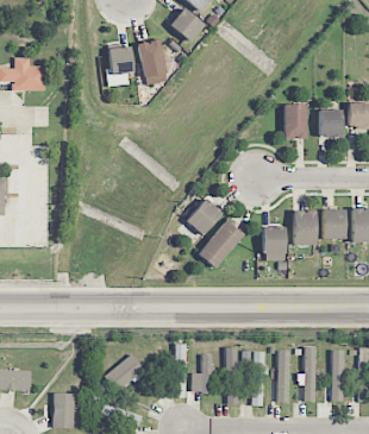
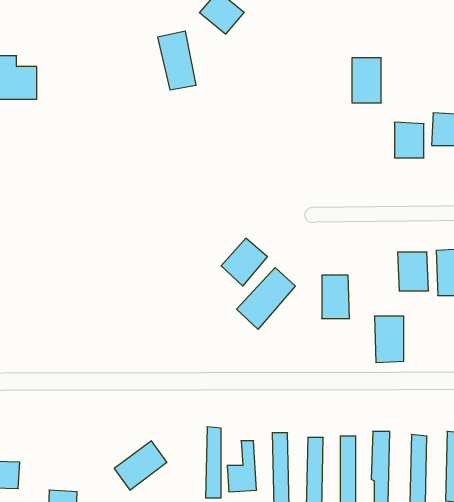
building: [106,46,132,87] -> none
building: [283,105,306,139] -> [352,58,381,103]
building: [293,210,315,246] -> [374,316,404,363]

